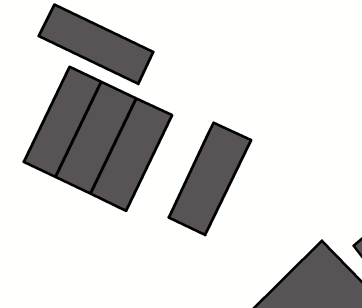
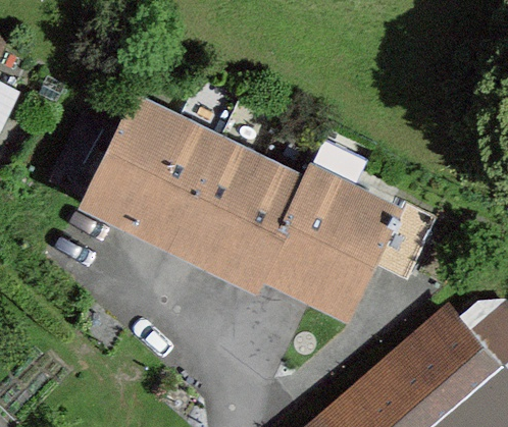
building: [39,5,153,84] -> none
building: none -> [202,153,303,291]
building: none -> [299,183,430,321]

